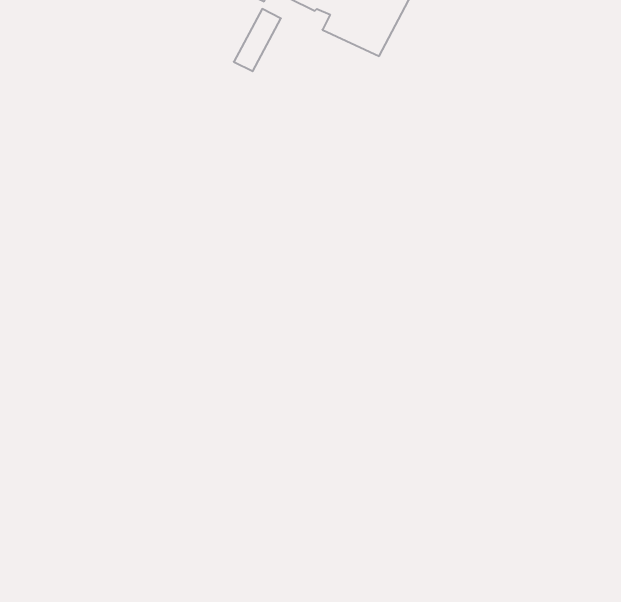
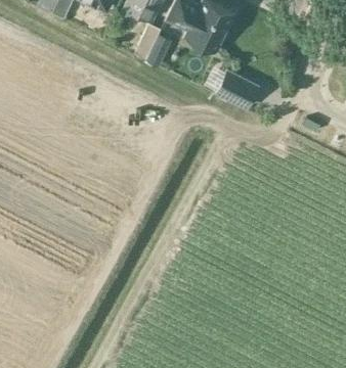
building: none -> [213,71,255,108]

